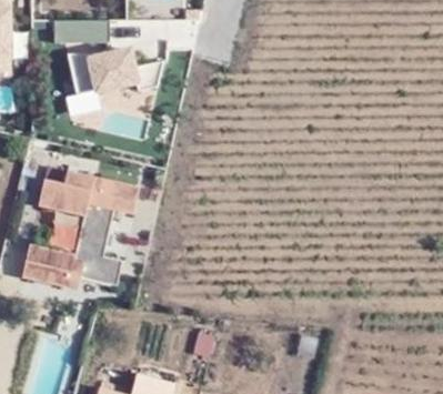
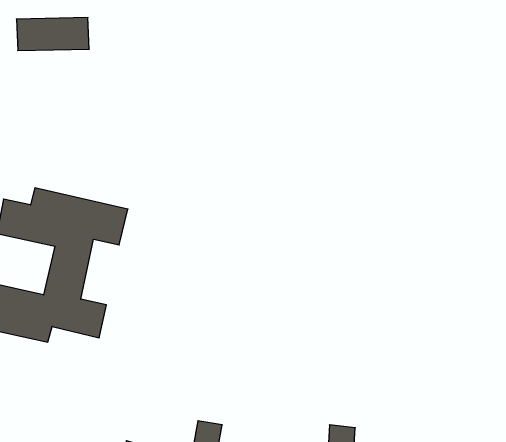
building: [64,61,161,114] -> none

